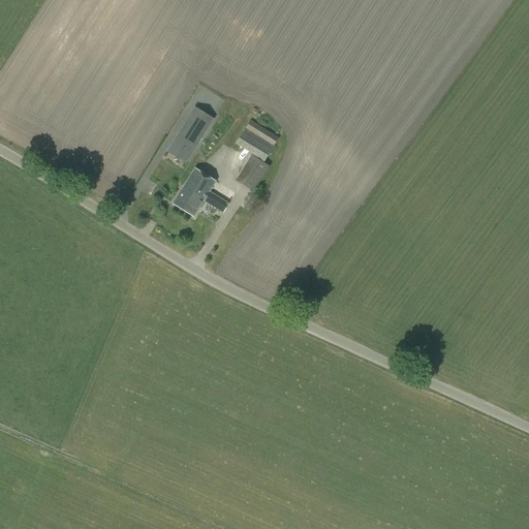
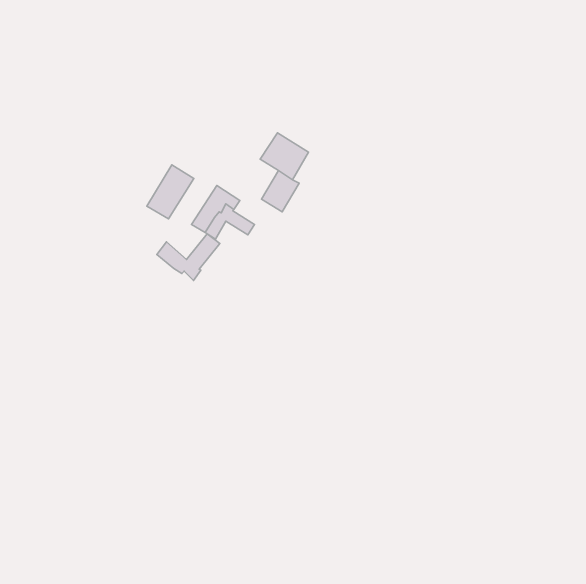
building: [172,105,214,154] -> [147,165,194,219]
building: none -> [157,234,220,280]

